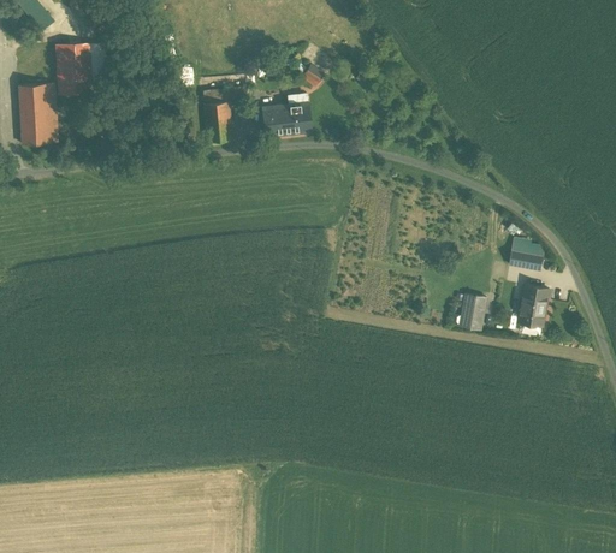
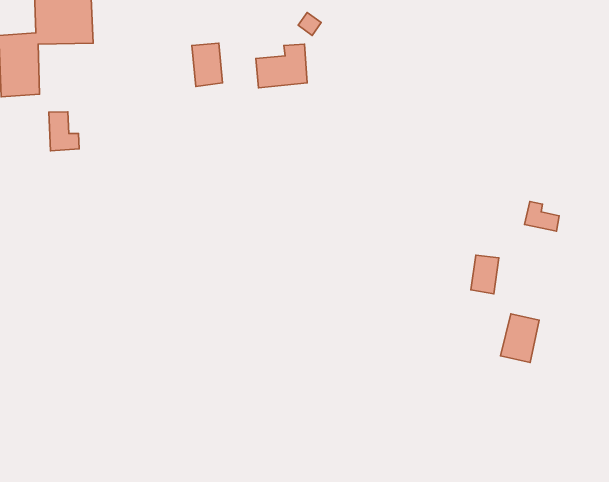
building: none -> [49,112,79,151]
building: [520,283,556,328] -> [501,314,539,362]

